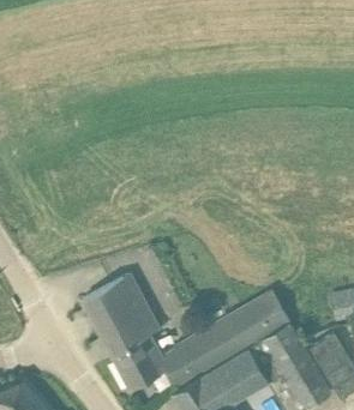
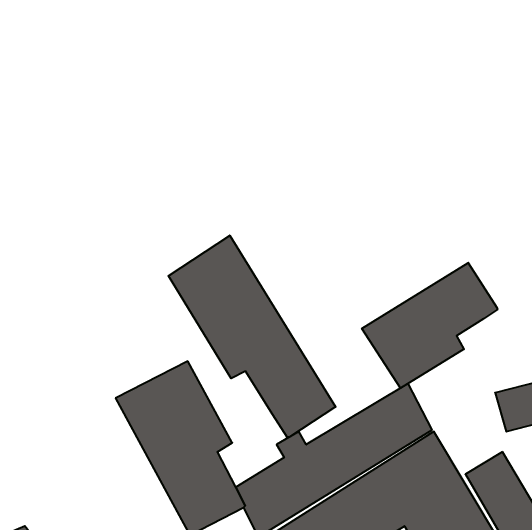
building: none -> [168,235,336,437]
building: none -> [362,263,497,388]

